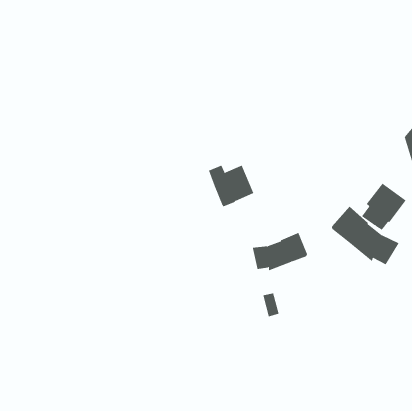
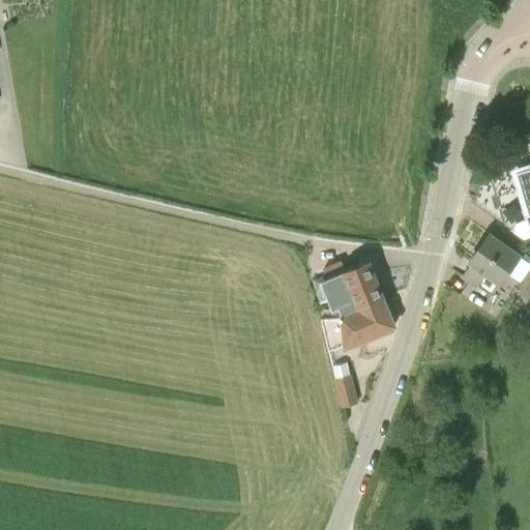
building: [208,165,254,207] -> [325,264,384,318]
building: [332,206,399,265] -> none

